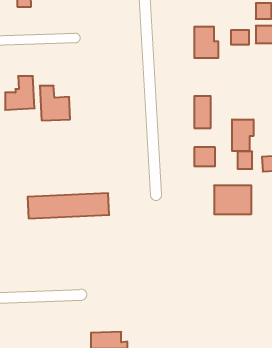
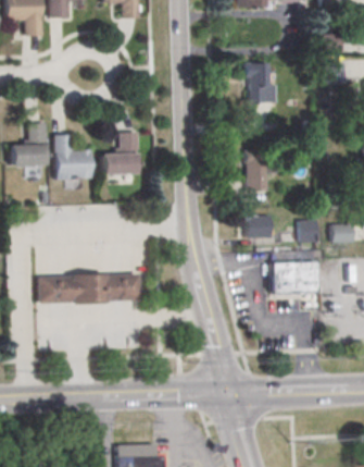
building: [231,30,249,45] -> none
building: none -> [101,133,138,175]
building: [232,119,253,151] -> none

